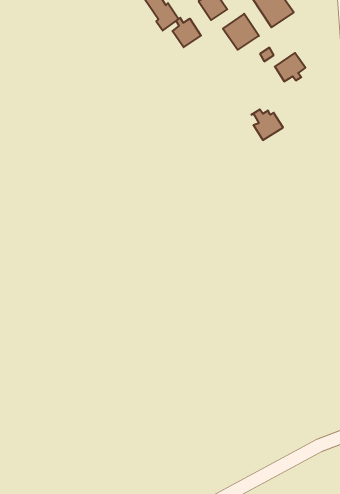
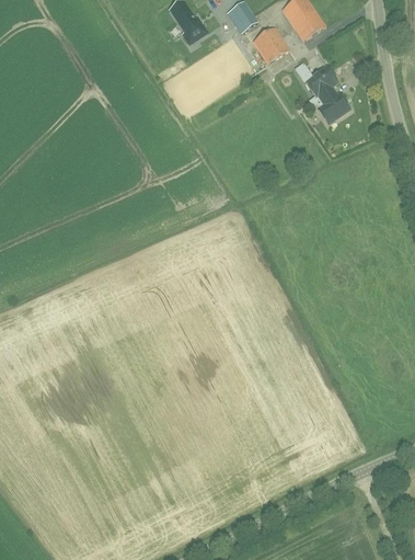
building: [172,18,201,47] -> none
building: [251,109,283,140] -> [315,90,348,122]

